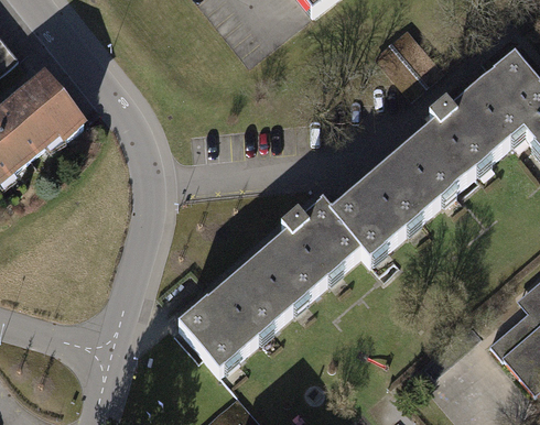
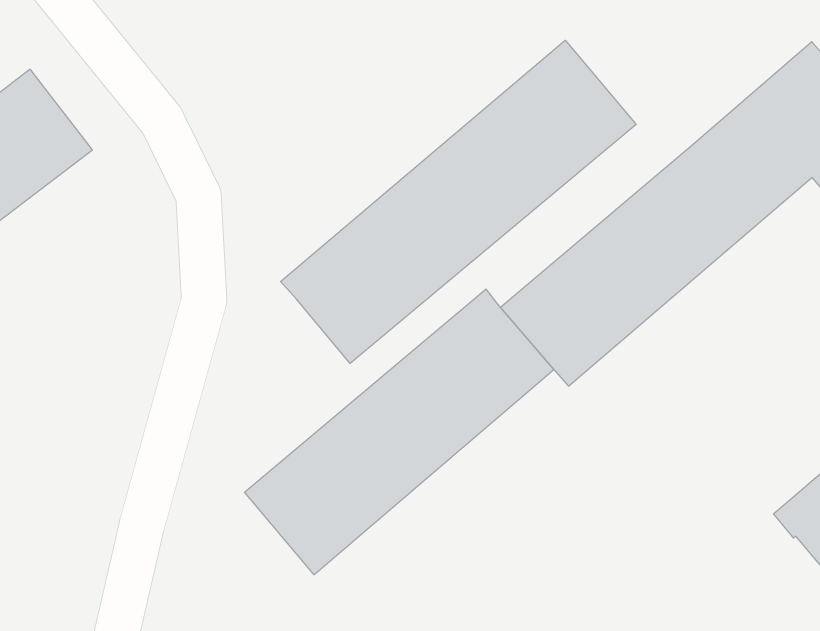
building: none -> [281,40,636,363]

